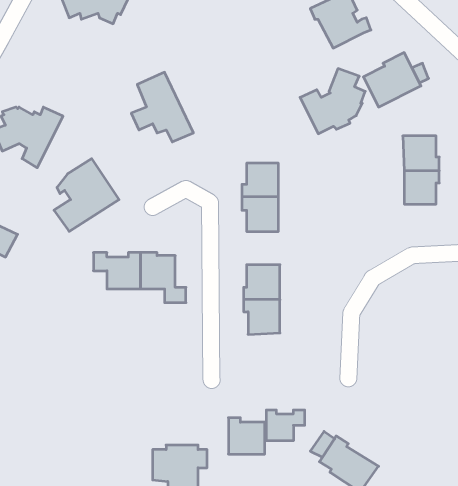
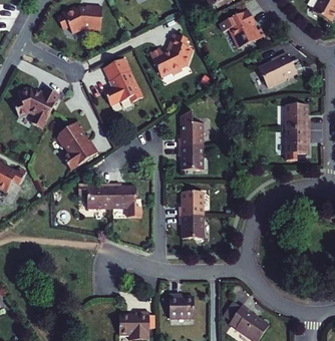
building: [300,69,365,134] -> [149,33,193,76]
building: [266,410,305,441] -> none

